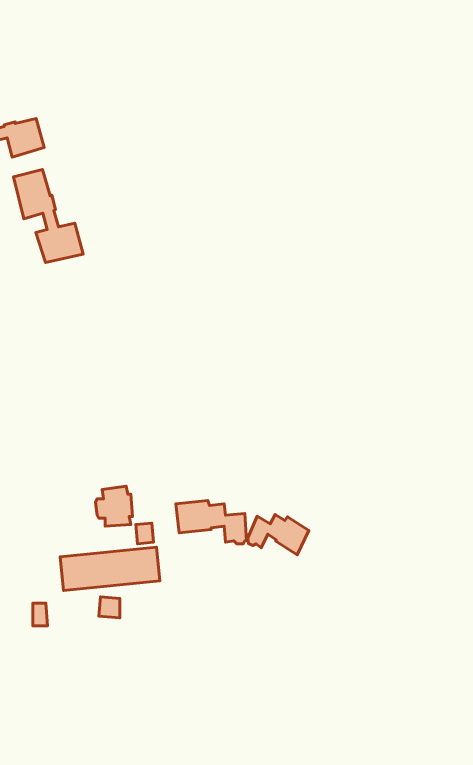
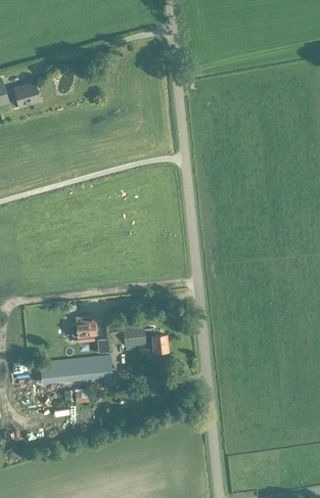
building: [14,170,83,262] -> none
building: [247,514,309,555] -> none

